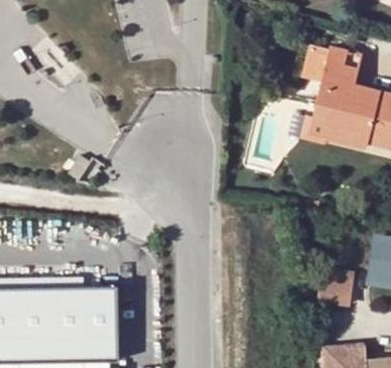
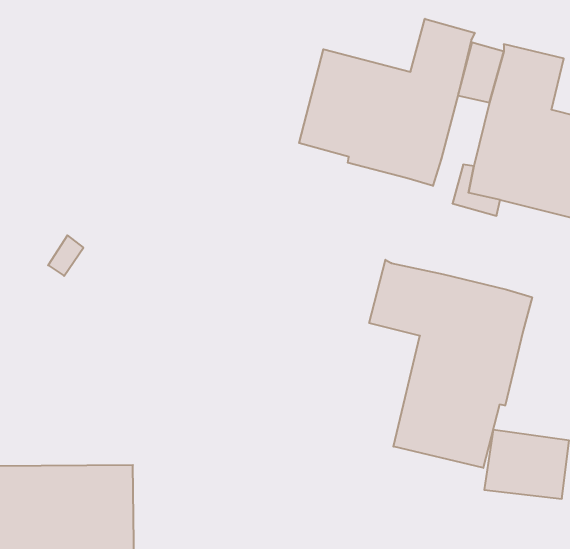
building: none -> [299,19,475,186]
building: none -> [369,260,532,468]

